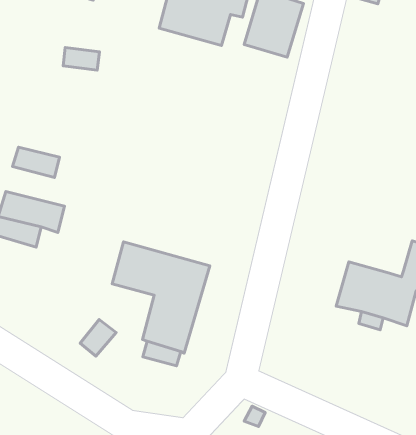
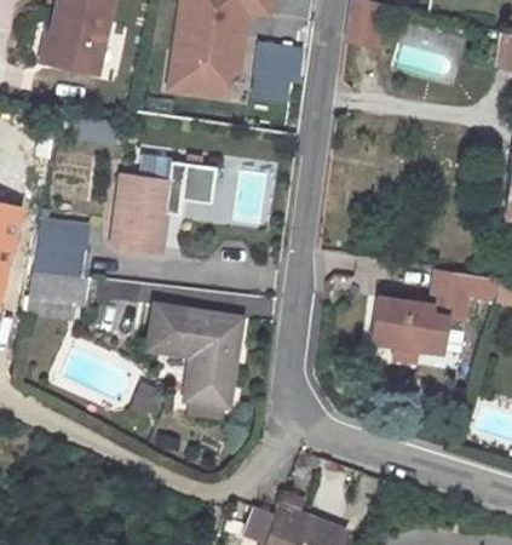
building: none -> [108,161,215,252]
building: none -> [35,242,88,274]

